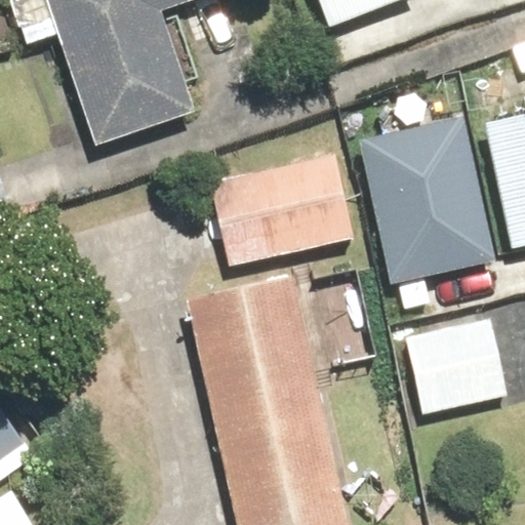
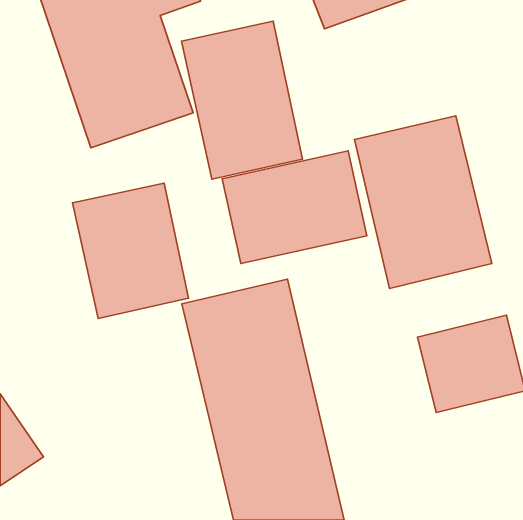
building: none -> [181,21,302,179]
building: none -> [72,183,188,318]

